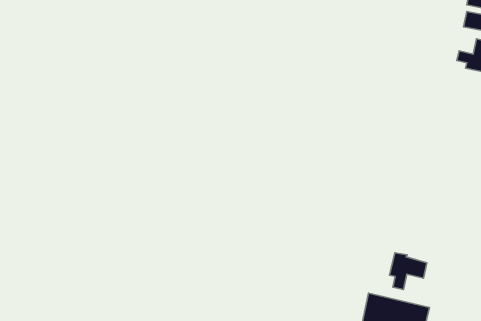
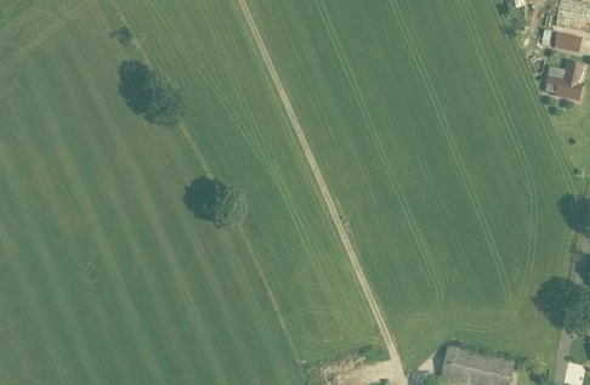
building: [389,253,427,290] -> none

